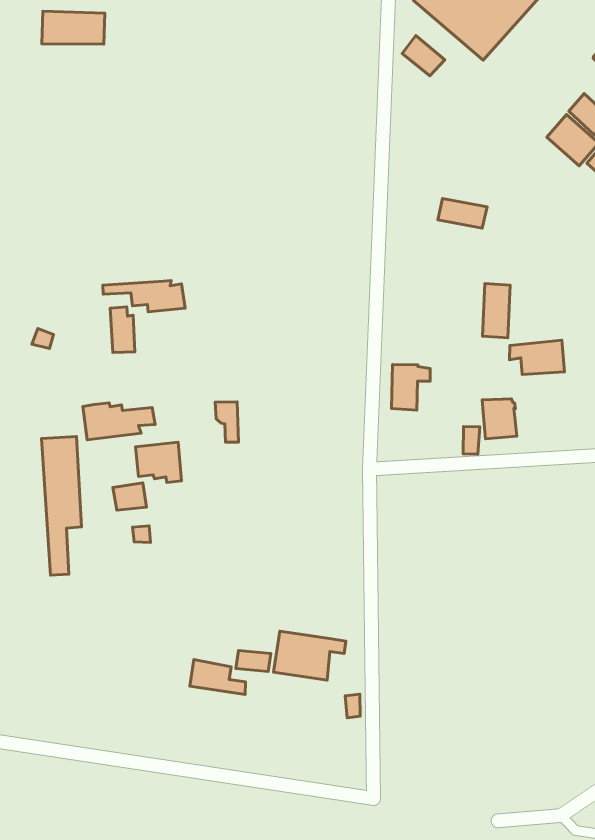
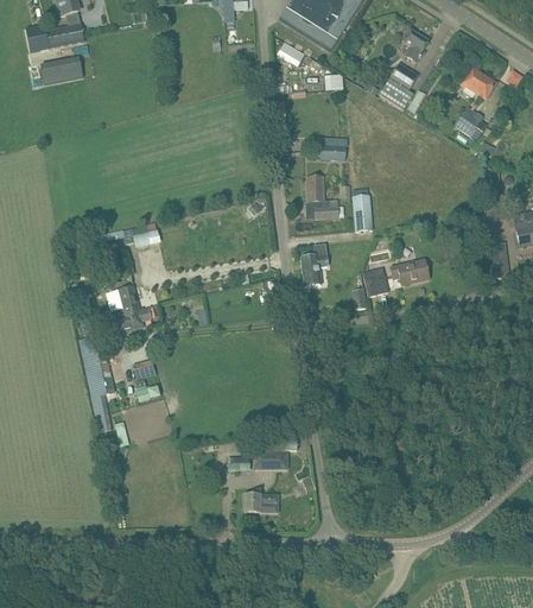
building: none -> [307,176,338,217]
building: [510,340,565,375] -> [391,258,429,284]
building: [136,442,182,482] -> [106,285,139,312]
building: [190,659,245,695] -> [245,493,281,511]

